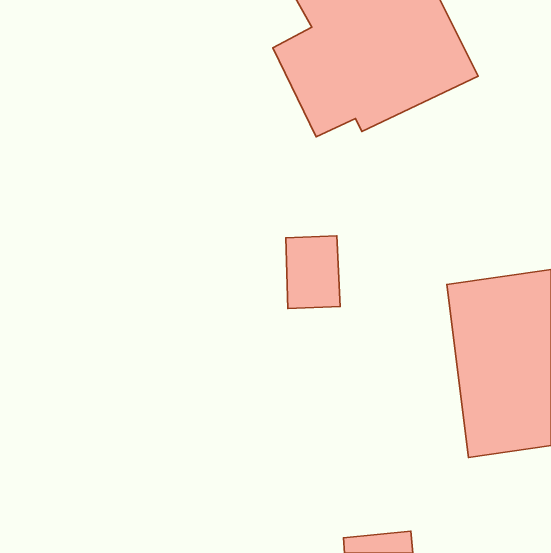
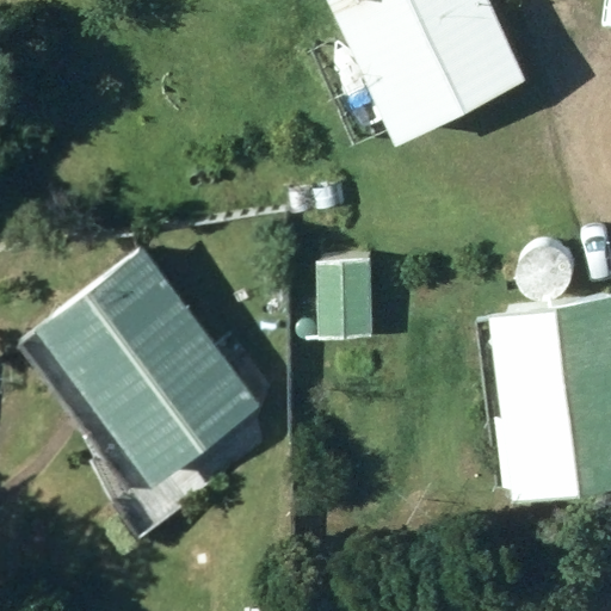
building: none -> [42,252,263,483]

